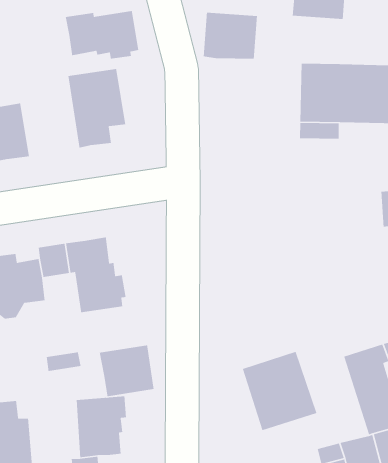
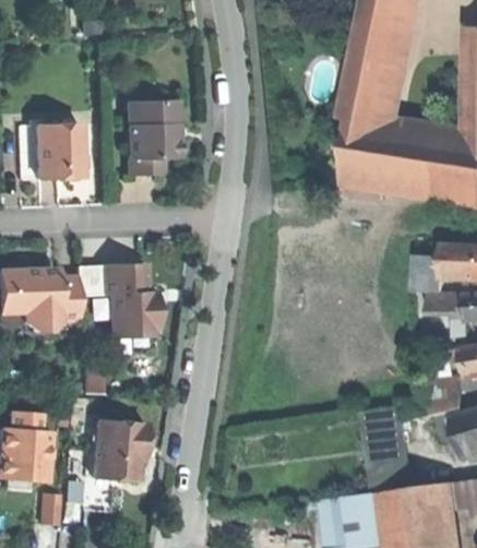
building: [65,10,139,59] -> none
building: [203,12,258,59] -> [342,72,401,124]
building: [99,344,155,397] -> none
building: [242,351,317,431] -> none

